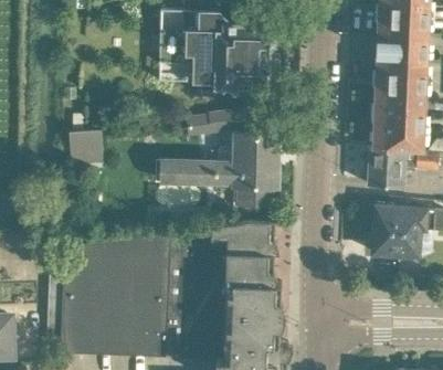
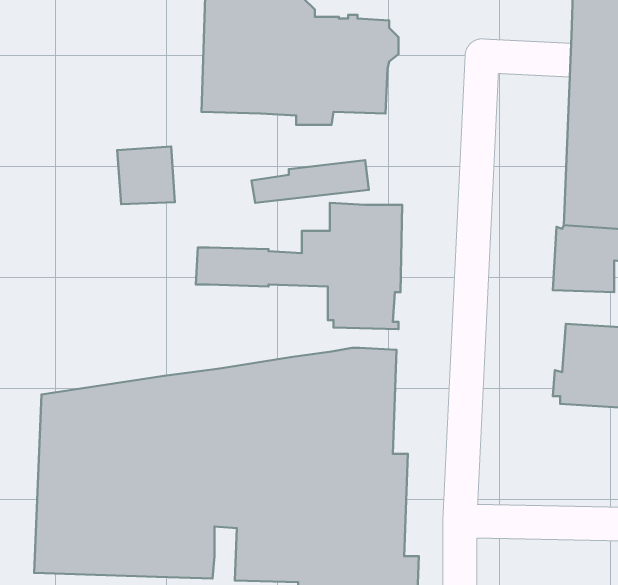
building: [68,130,103,165] -> [117,146,175,204]

